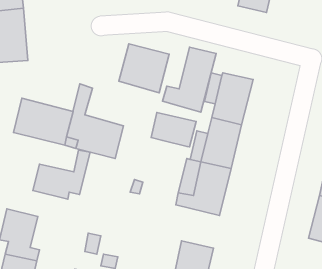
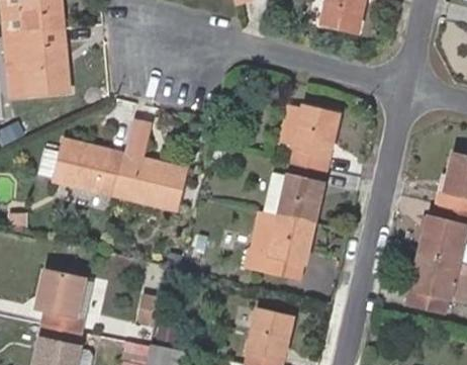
building: [119,44,169,93] -> none
building: [163,47,216,112] -> none
building: [151,113,196,147] -> none
building: [33,150,90,199] -> none

